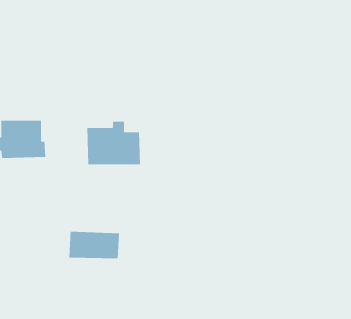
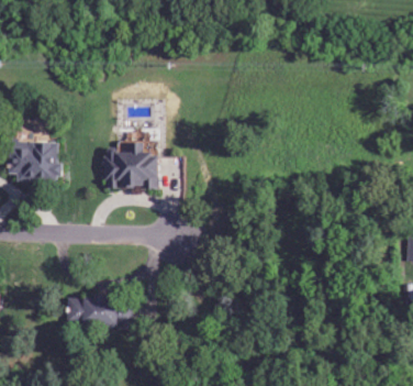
building: [69,231,120,259] -> [67,296,120,324]

